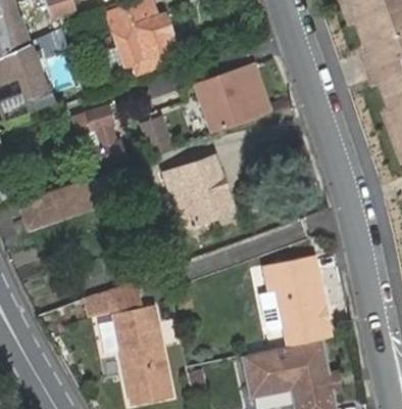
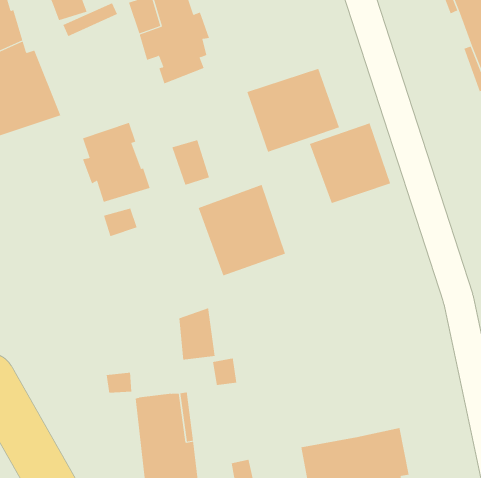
building: none -> [309,123,391,204]
building: [15,178,91,227] -> none
building: [262,258,330,350] -> none
building: [113,278,142,319] -> [179,307,215,360]

